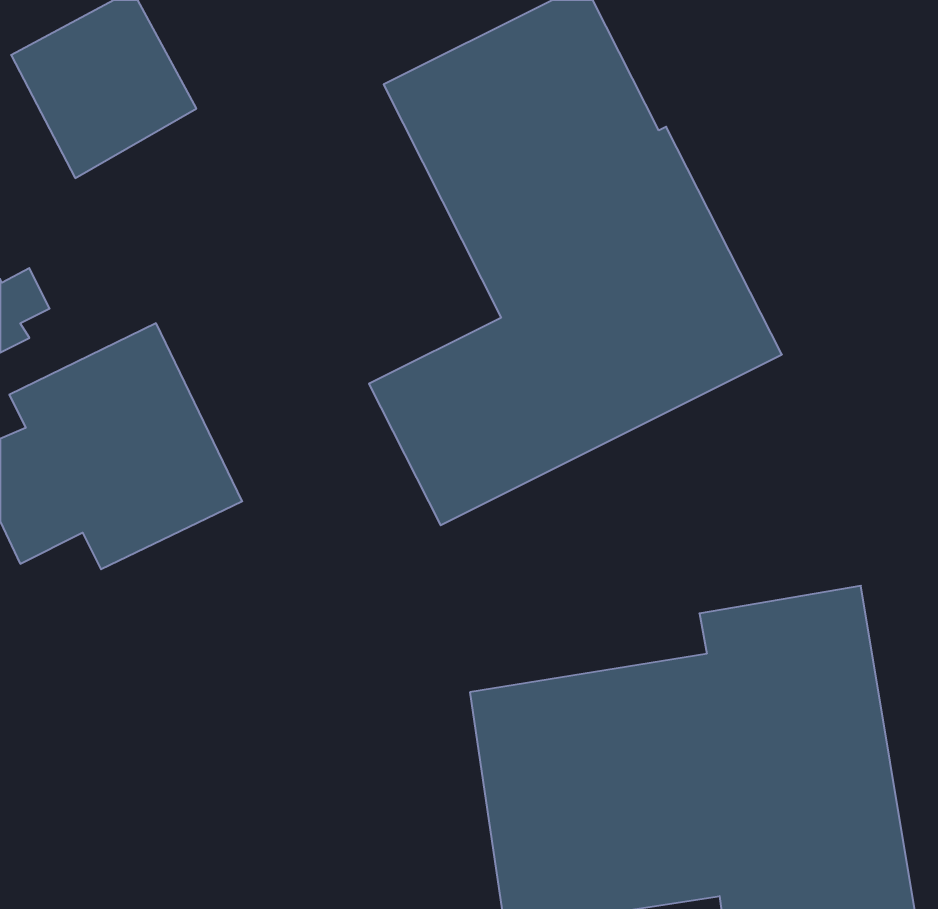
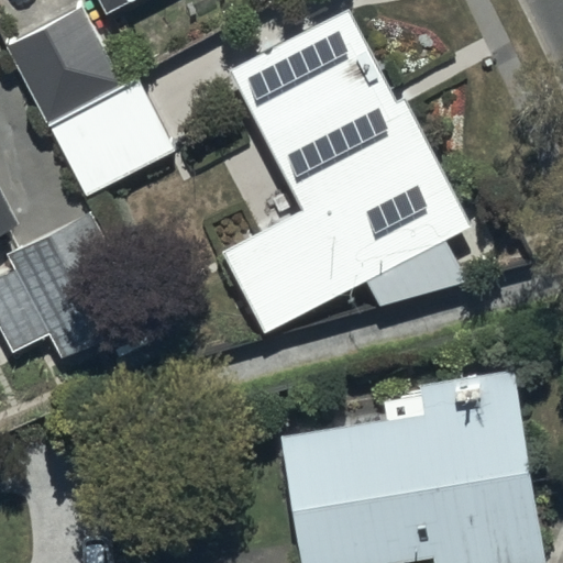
building: none -> [45,73,176,197]

